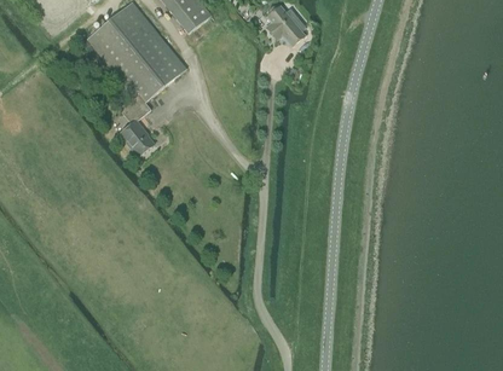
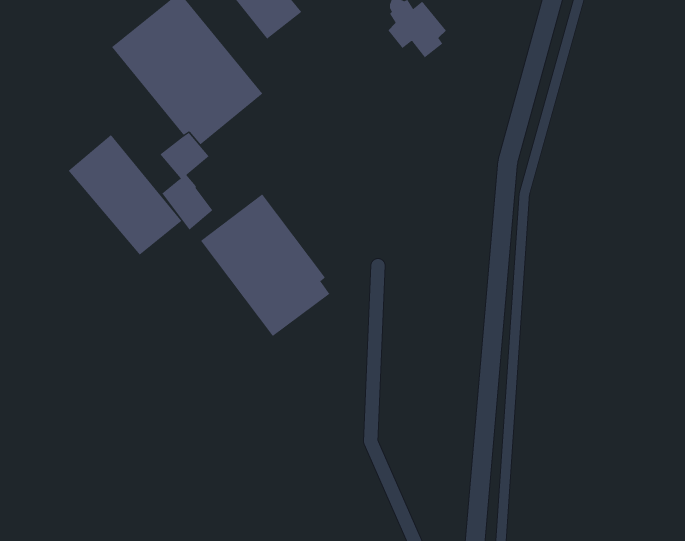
building: none -> [68,134,182,256]
building: none -> [200,194,330,337]

